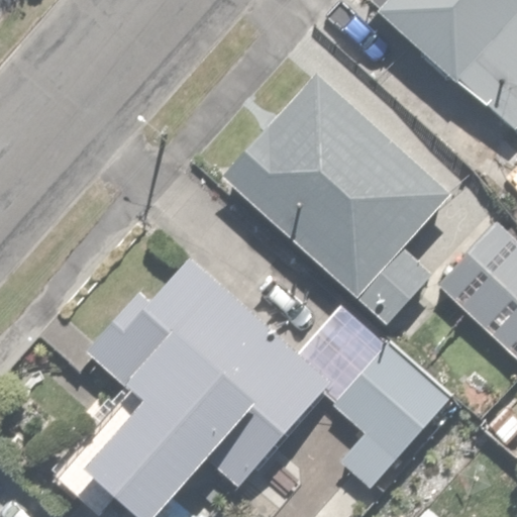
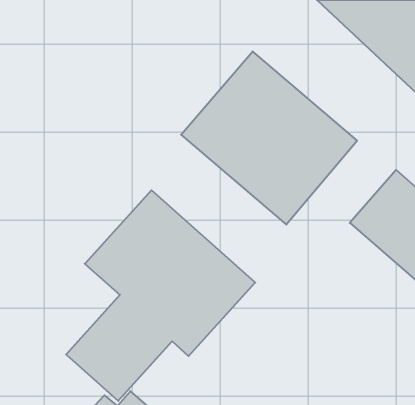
building: [333,348,449,492] -> none

